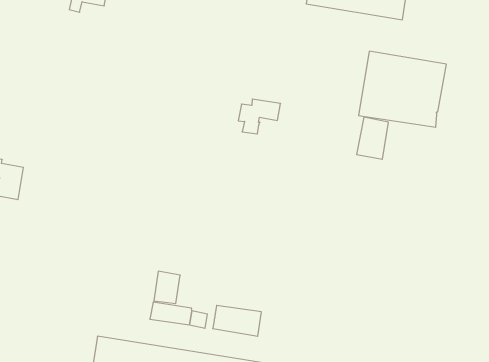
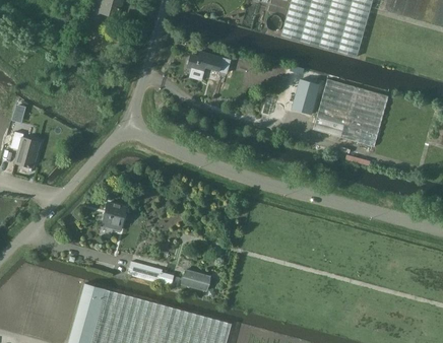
building: [238,99,281,134] -> [188,51,224,79]
building: [357,117,388,159] -> [292,78,320,114]
building: [154,271,180,304] -> [103,202,126,229]

